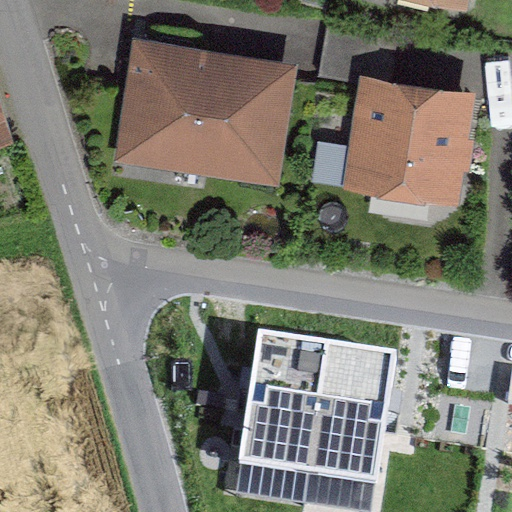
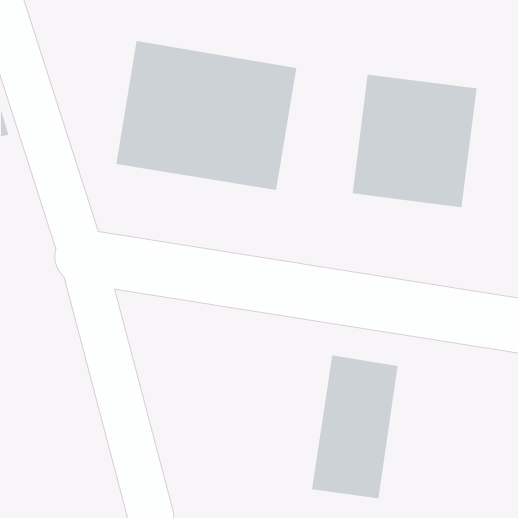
building: [241,340,327,483] -> none

